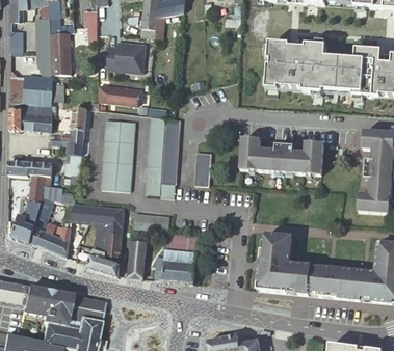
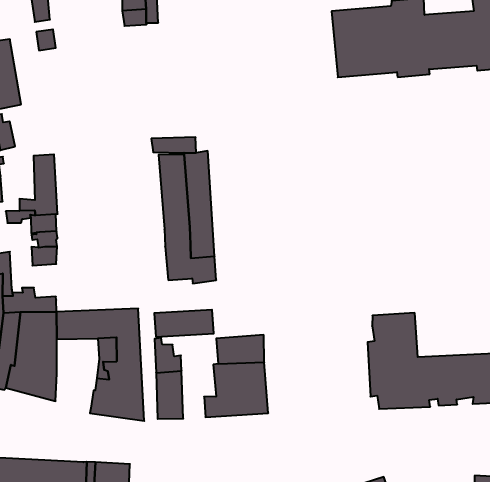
building: [106,42,146,72] -> none
building: [99,87,139,106] -> none
building: [101,118,134,190] -> none
building: [238,138,321,174] -> none
building: [192,151,210,185] -> none

